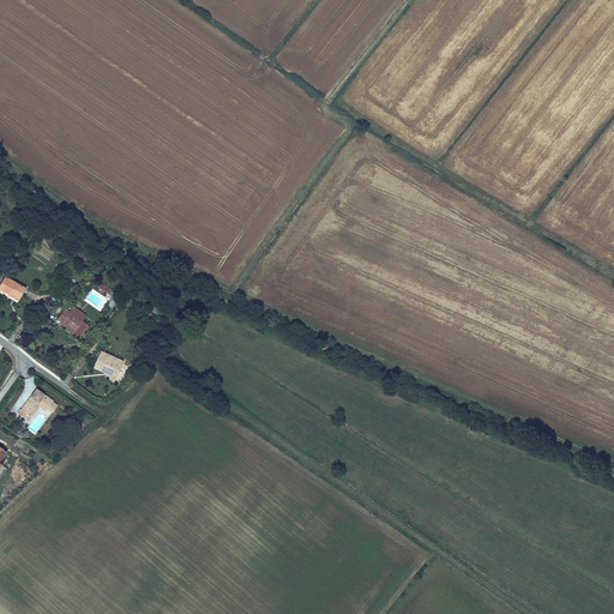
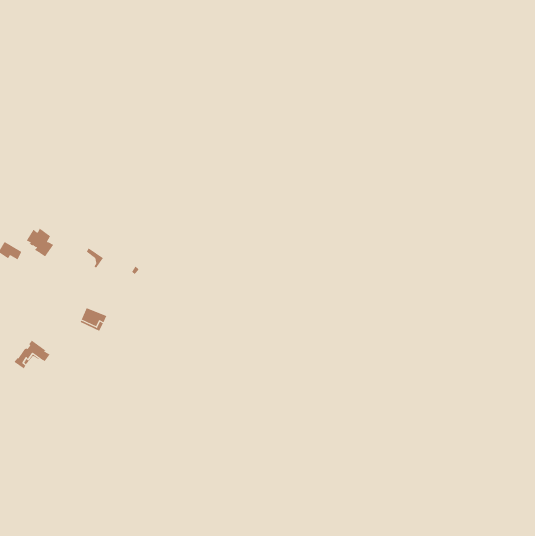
building: [56,306,89,339] -> [26,228,54,257]

